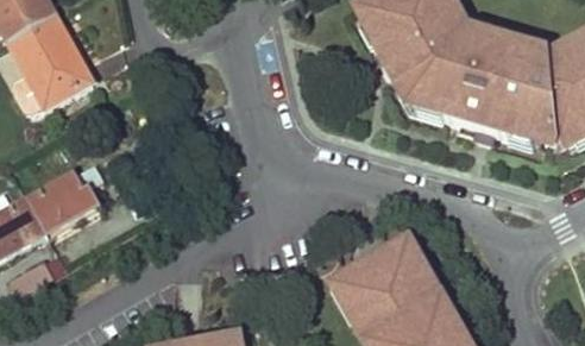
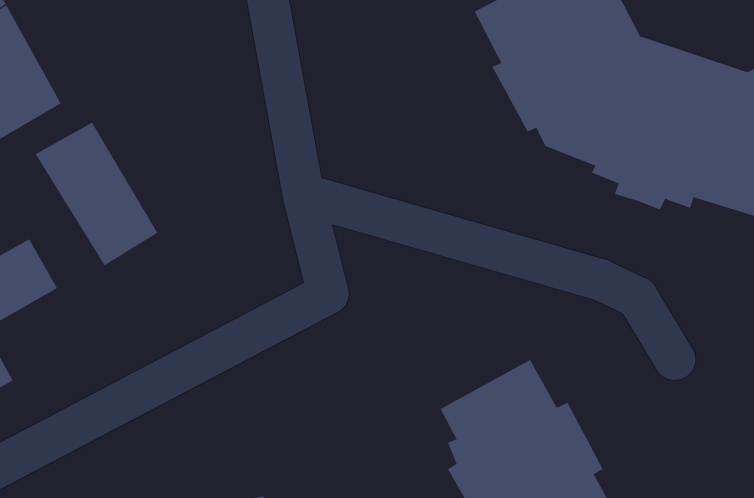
building: none -> [35,122,158,266]

